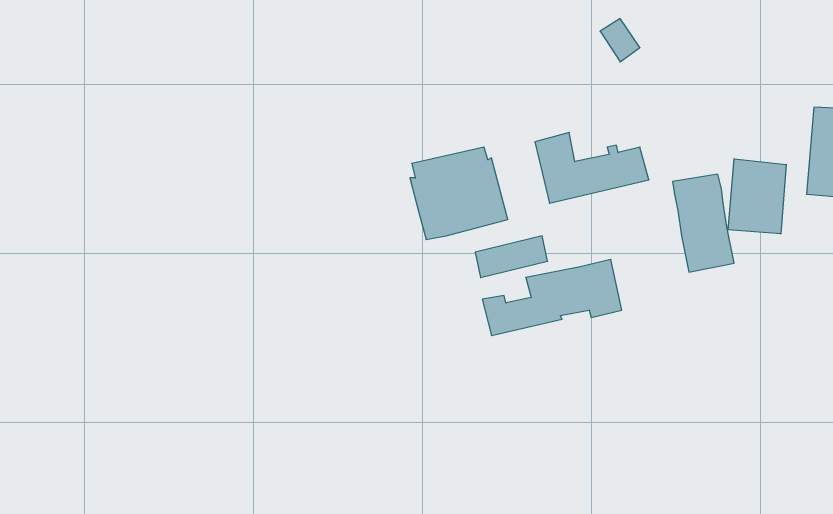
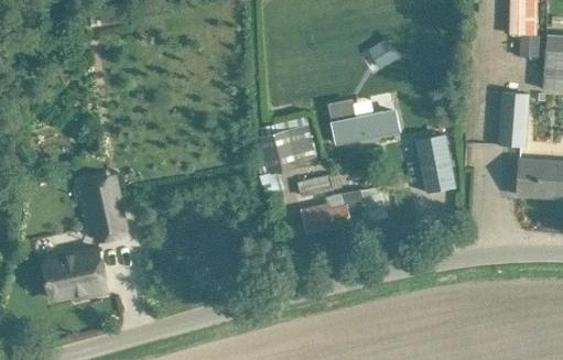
building: [728,159,786,234] -> none
building: none -> [83,175,129,241]
building: none -> [43,247,106,298]

